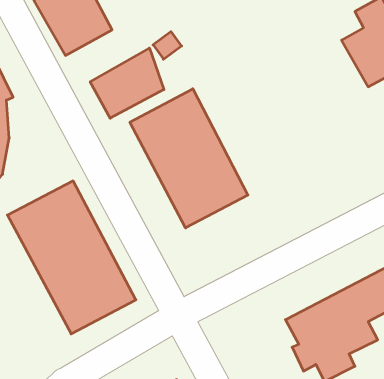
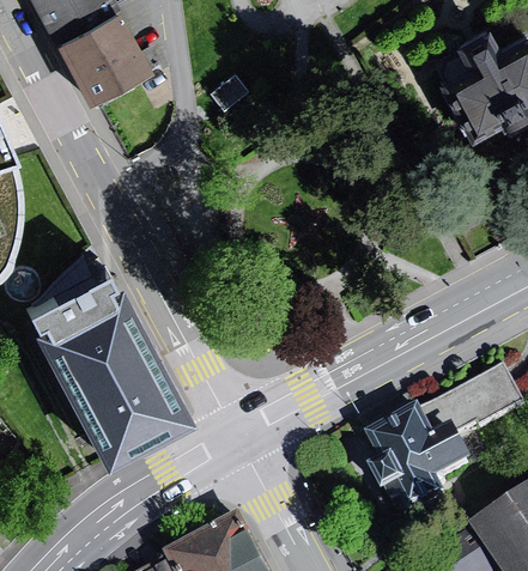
building: [90,48,164,118] -> none
building: [130,89,248,228] -> none

